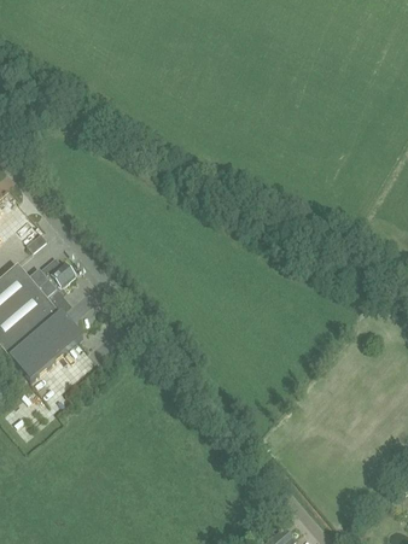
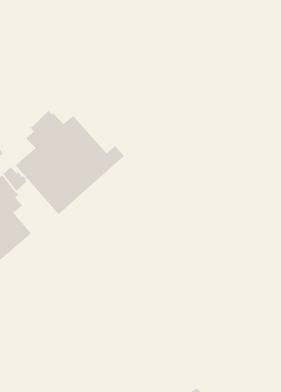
building: none -> [15,110,125,215]

